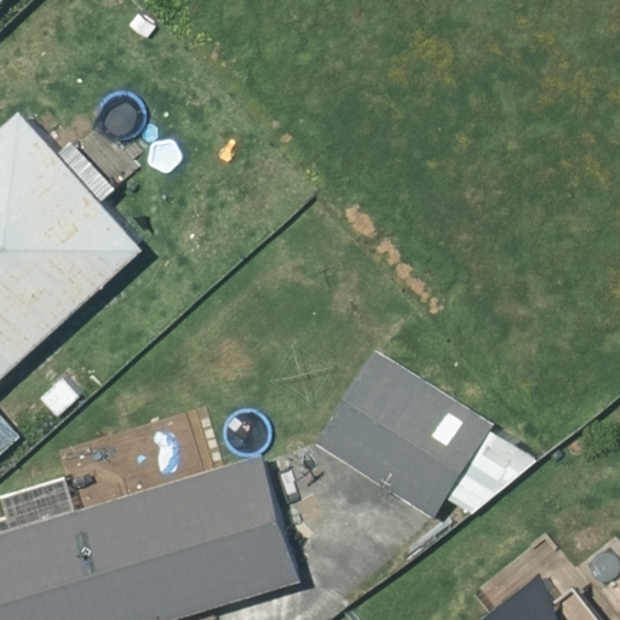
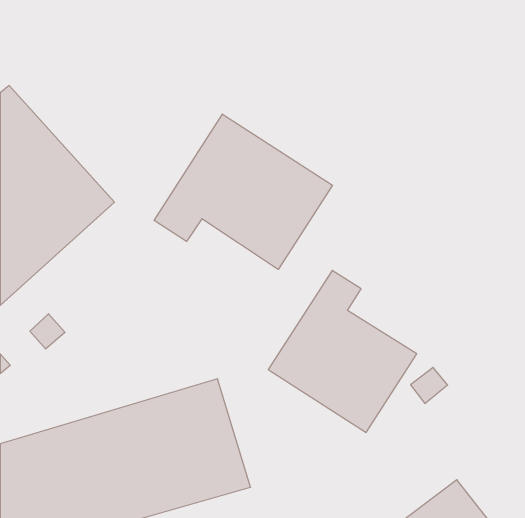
building: none -> [154,114,332,269]

